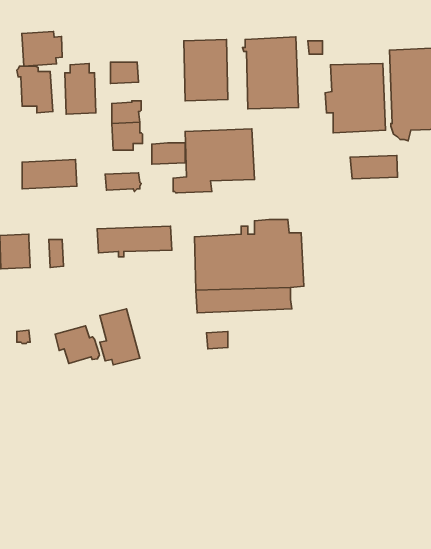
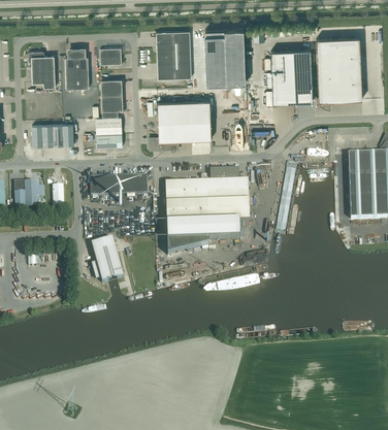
building: [22,31,62,66] -> none
building: [152,143,185,164] -> [96,118,122,134]
building: [350,155,398,179] -> none
building: [55,326,100,363] -> none

